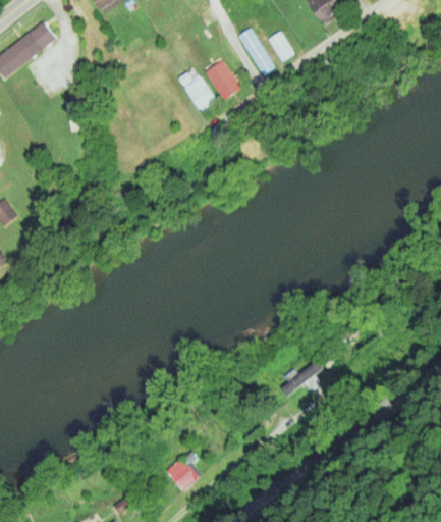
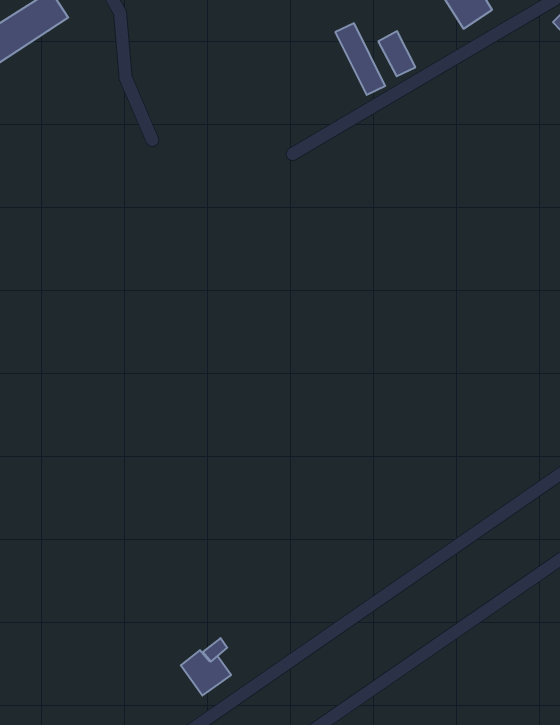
building: [205,60,241,100] -> none
building: [179,67,214,111] -> none
building: [281,361,323,394] -> none

